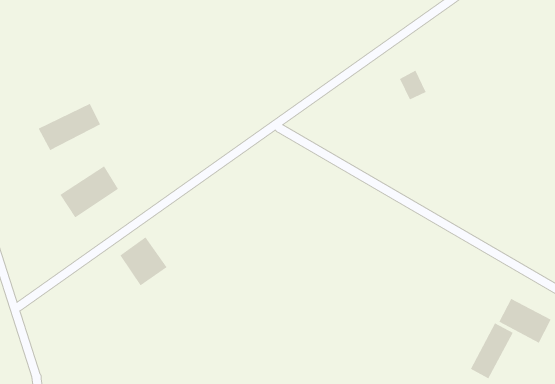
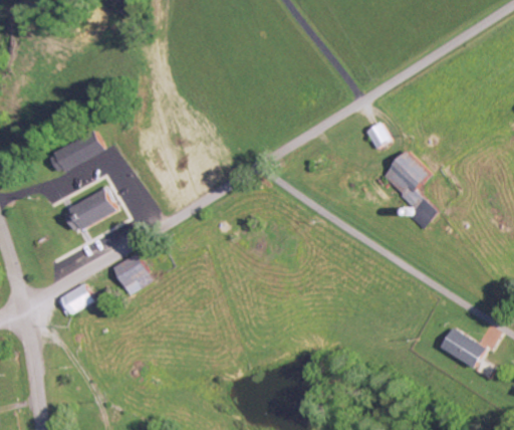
building: none -> [381,150,440,228]
building: none -> [56,282,94,316]
building: [470,322,513,379] -> none

